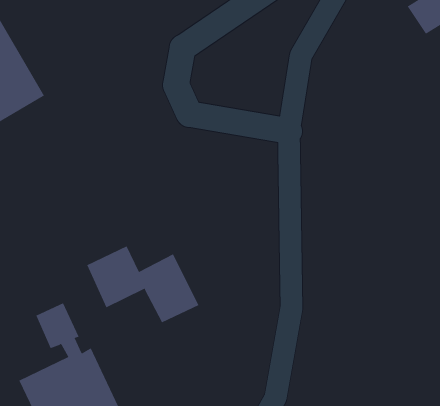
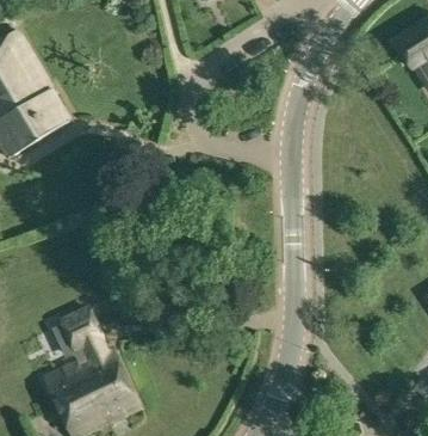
building: [86,245,199,323] -> none

